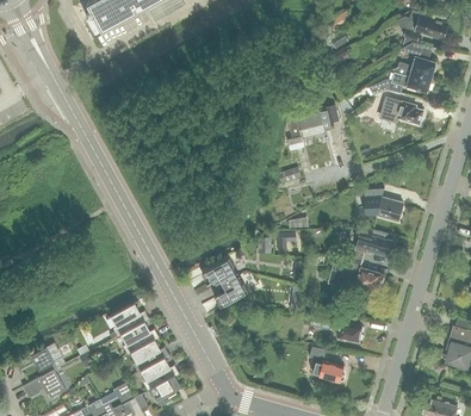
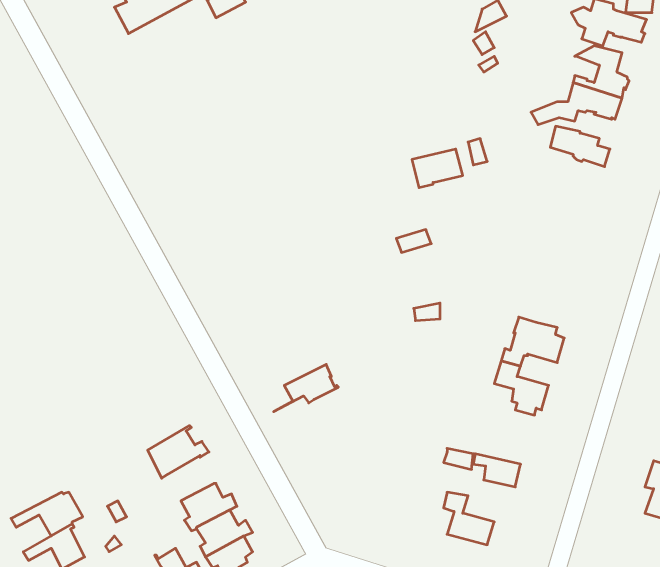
building: [366,188,404,221] -> none
building: [202,277,248,315] -> none
building: [122,321,160,354] -> none

